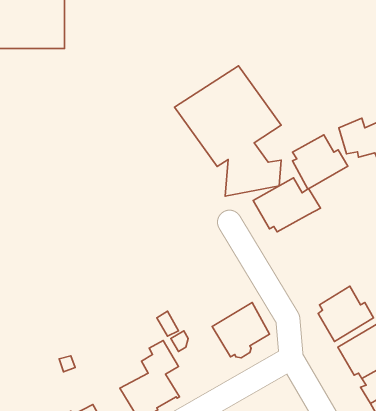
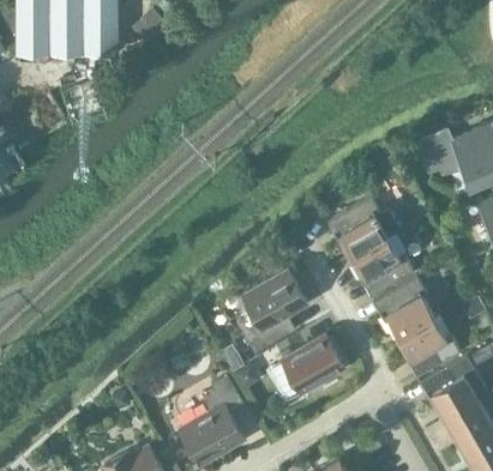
building: [175,66,281,196] -> none
building: [293,135,348,189] -> [353,238,414,298]
building: none -> [236,268,307,355]
building: none -> [373,278,433,338]

